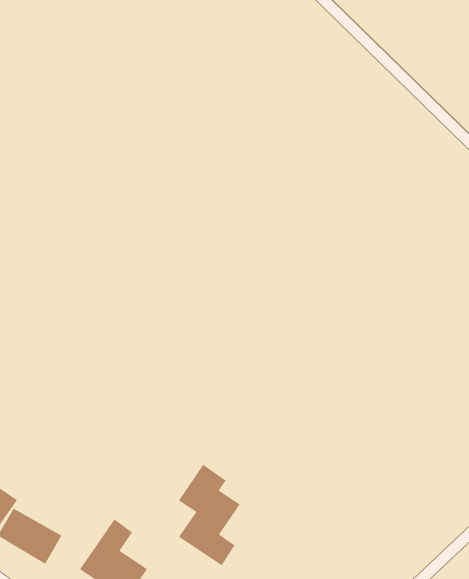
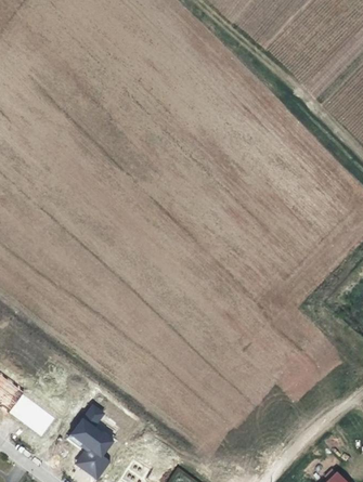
building: [178,464,241,566] -> none

